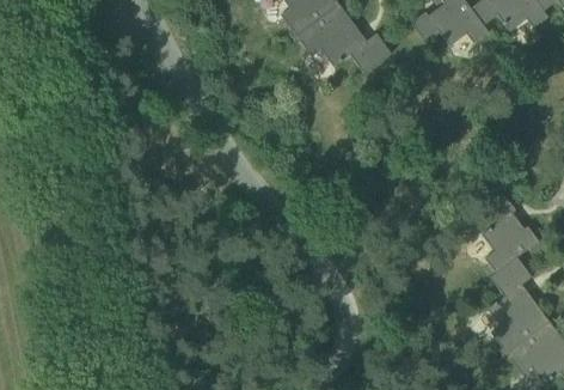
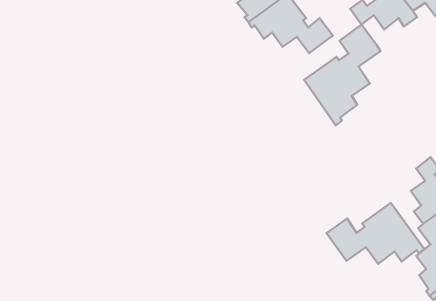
building: none -> [304,24,380,125]
building: none -> [326,203,424,264]

